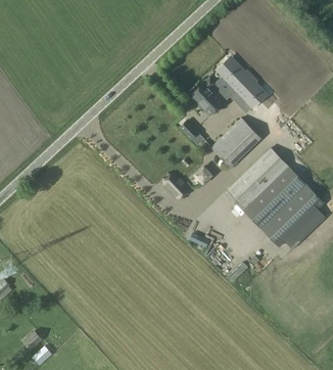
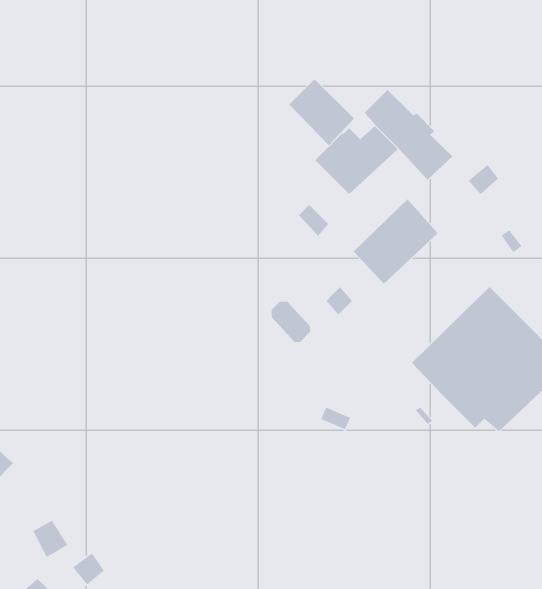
building: none -> [288,79,355,146]
building: [226,148,288,210] -> none

